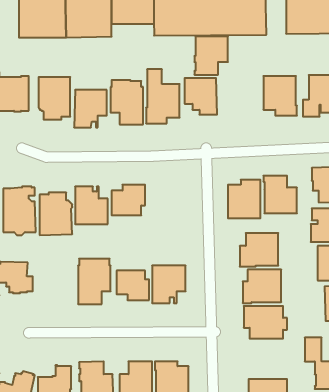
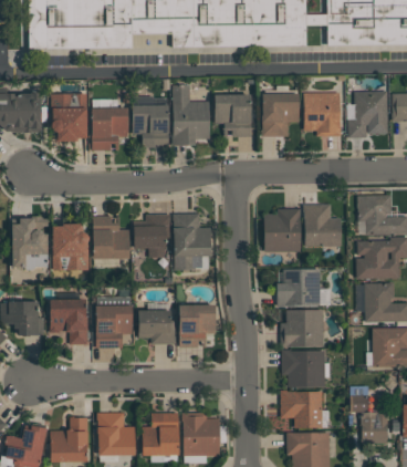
building: [194,36,228,75] -> [262,93,300,136]
building: none -> [174,212,211,269]
building: none -> [50,299,88,344]
building: none -> [281,390,323,427]

